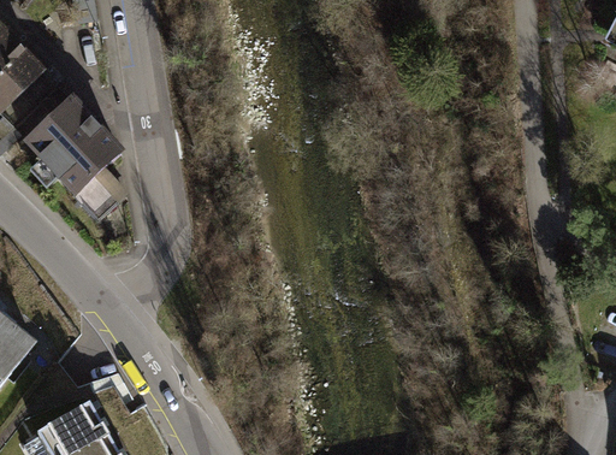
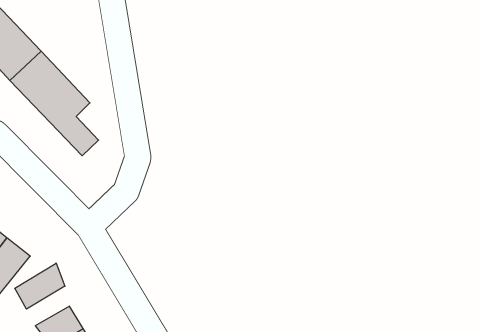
building: none -> [15,263,65,309]

